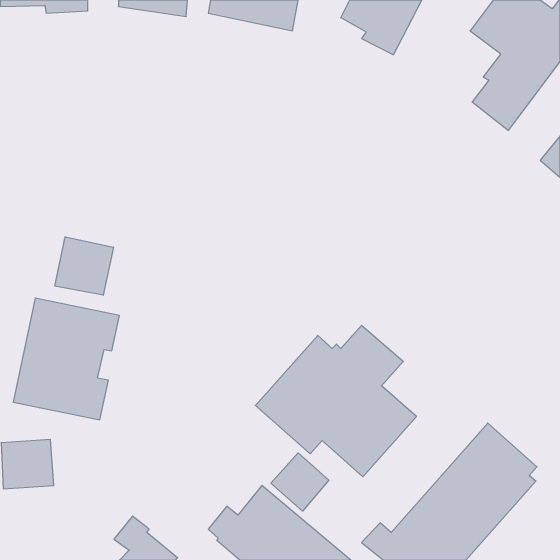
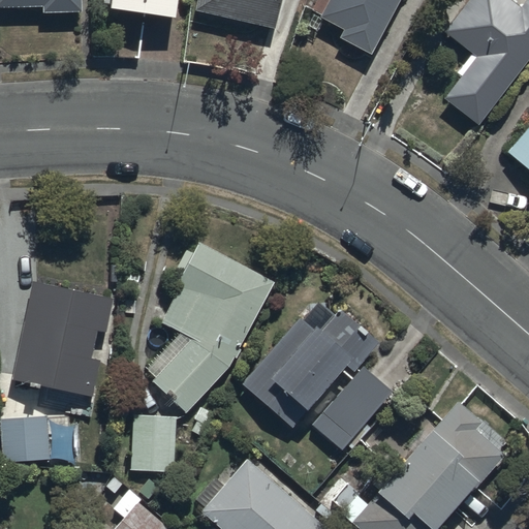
building: [55,237,113,295] -> none
building: none -> [152,242,274,411]
building: none -> [129,415,177,472]
building: [271,453,329,511] -> none

